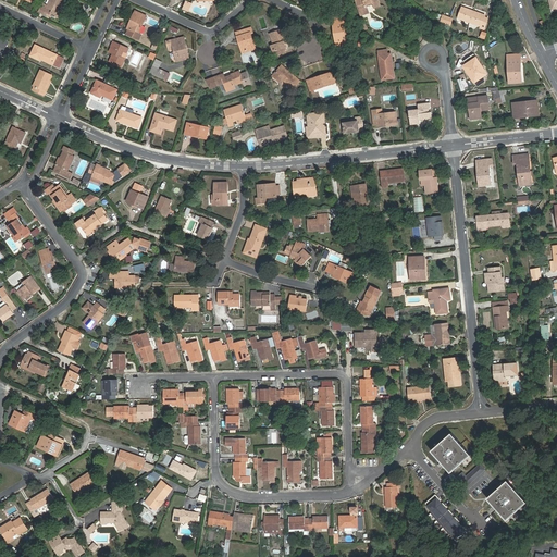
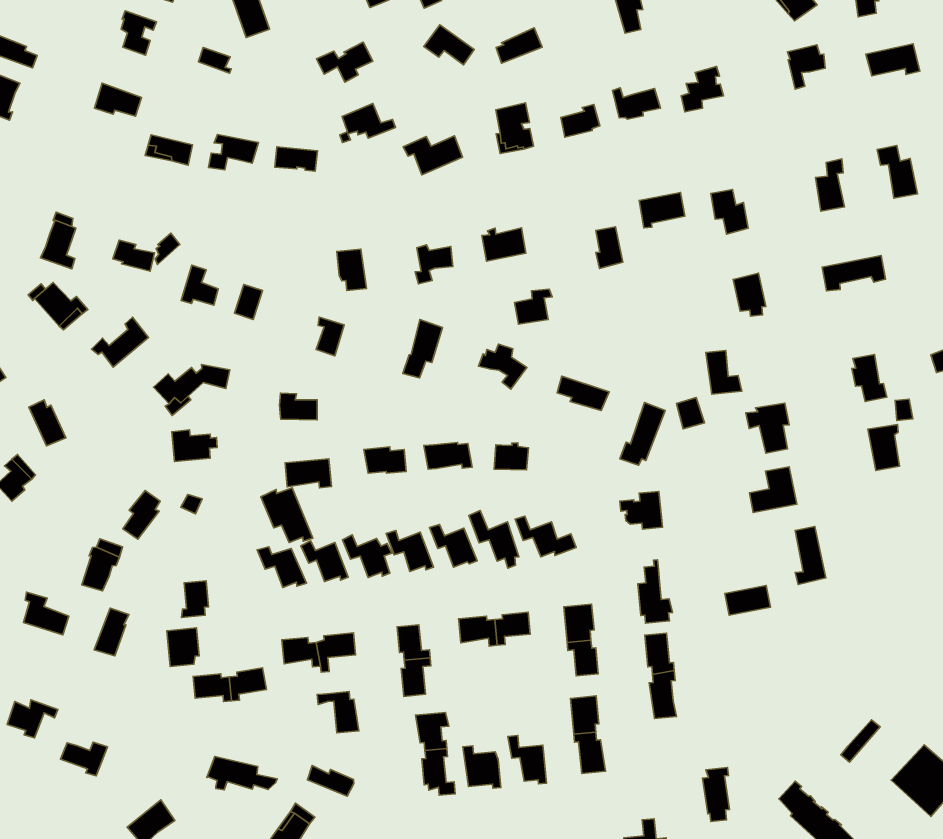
building: [129,333,156,362] -> [261,488,313,542]
building: [492,362,517,387] -> none
building: [431,433,469,472] -> none

